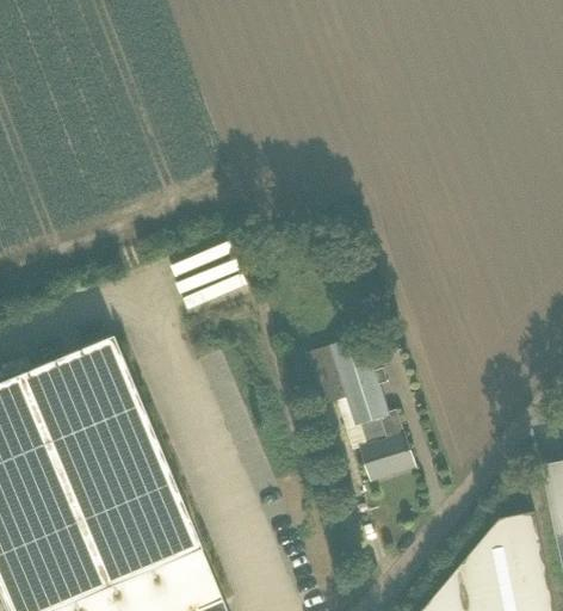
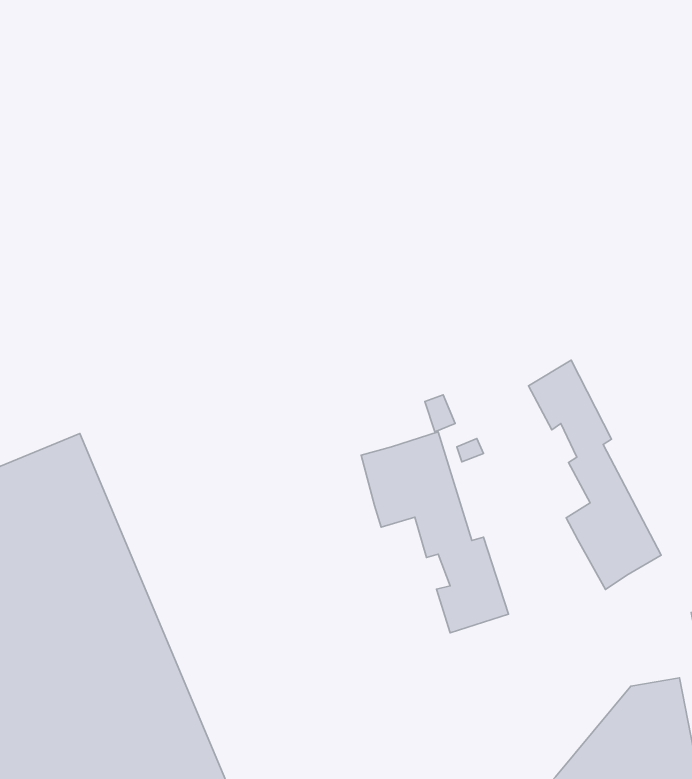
building: none -> [529,360,661,589]

